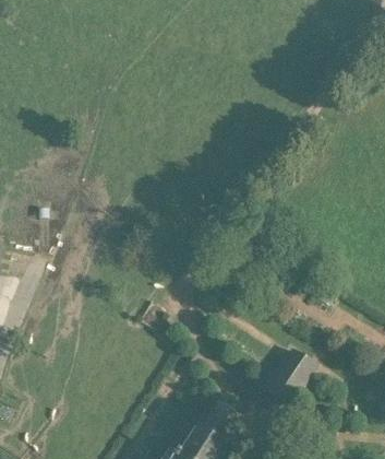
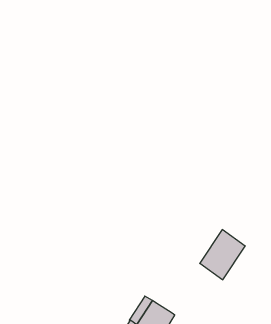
building: [200,405,237,444] -> none

